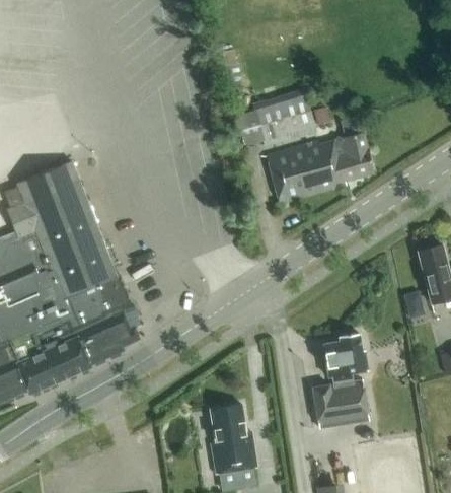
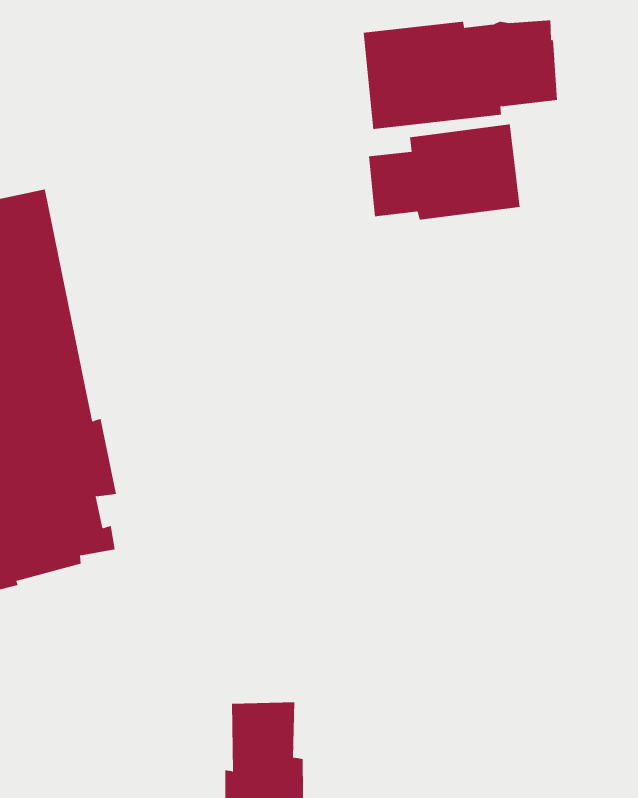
building: [268,133,373,204] -> [363,20,558,129]
building: [311,334,368,428] -> none

